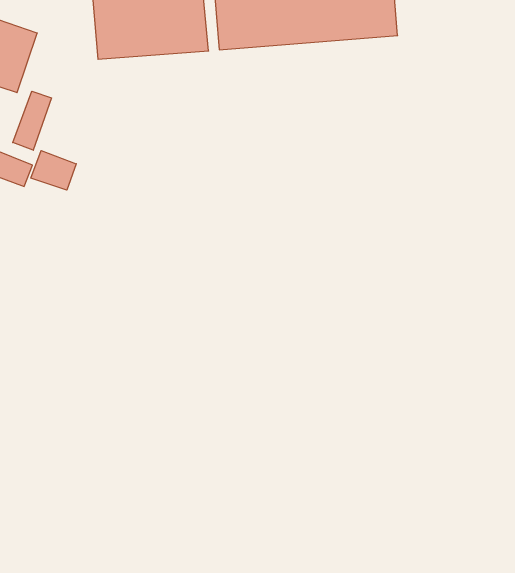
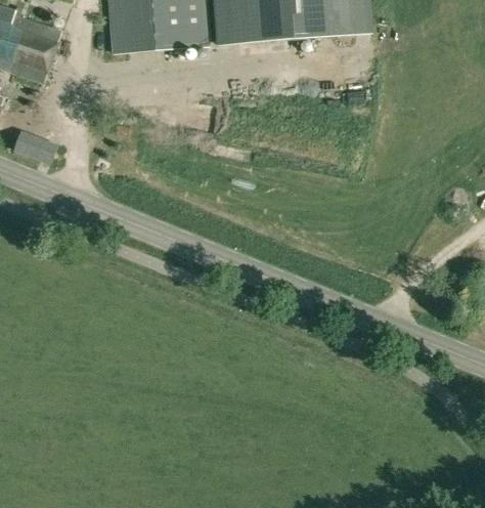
building: [13,91,52,150] -> none
building: [31,151,76,190] -> none

